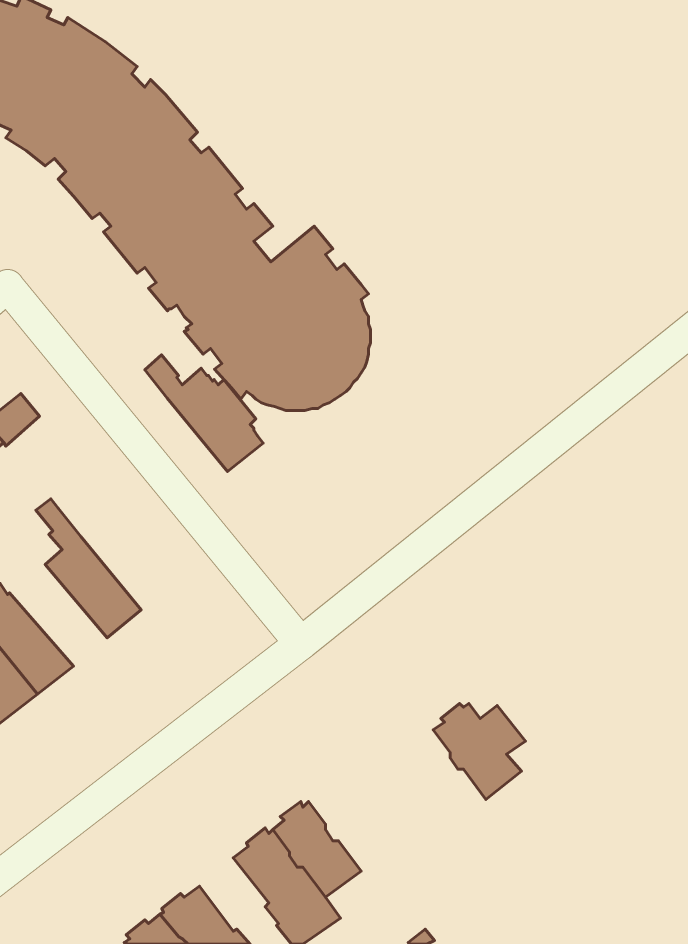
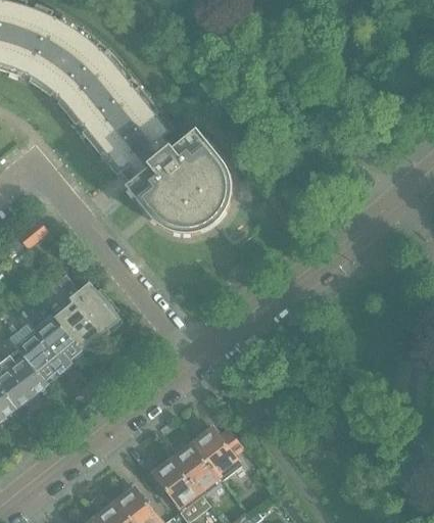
building: [145,355,263,471] -> [56,275,120,338]
building: none -> [30,314,83,369]
building: [433,703,525,799] -> [192,428,242,480]

